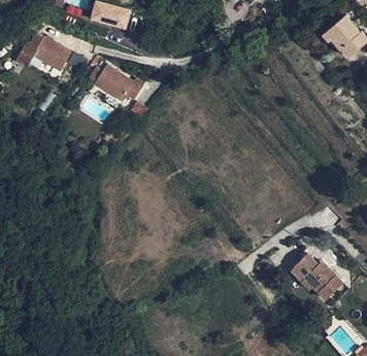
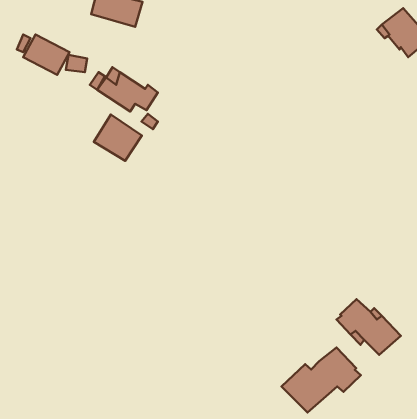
building: none -> [94,114,142,161]
building: none -> [281,347,361,413]

